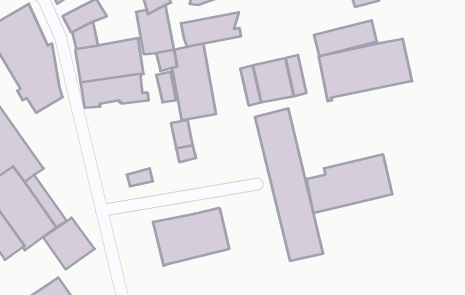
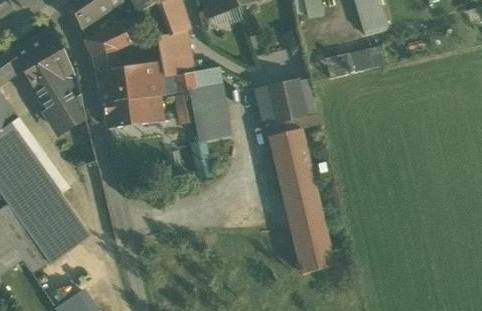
building: [181,12,241,47] -> none
building: [319,39,412,101] -> none
building: [307,154,392,213] -> none
building: [153,208,229,266] -> none
building: [43,218,95,269] -> none

